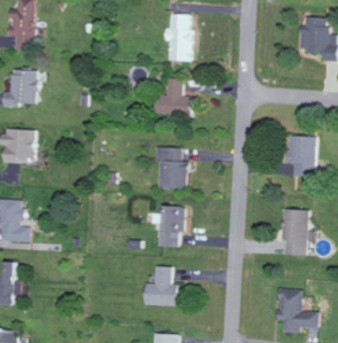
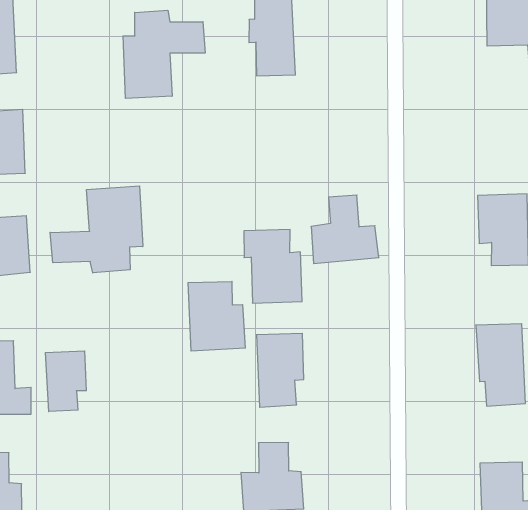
building: none -> [123,10,205,98]
building: [155,79,192,116] -> [311,195,379,264]
building: none -> [50,186,143,273]
building: none -> [188,281,245,351]
building: none -> [45,351,86,412]

